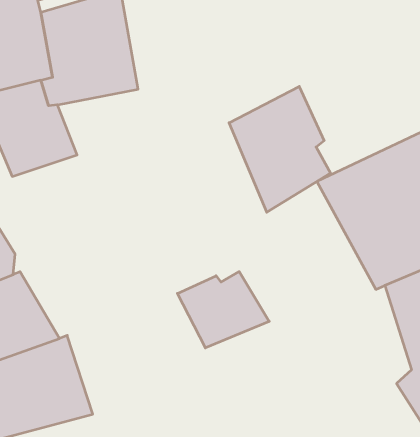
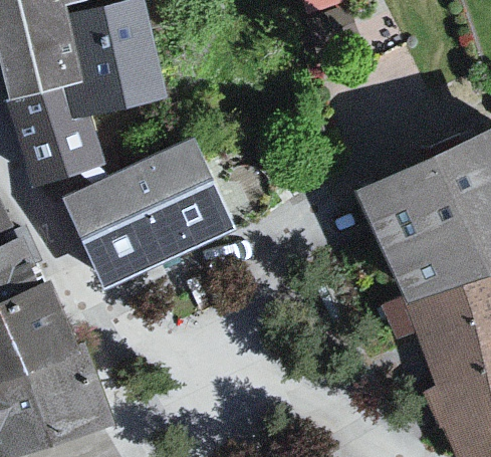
building: [229,86,330,212] -> none
building: none -> [64,138,229,293]
building: [177,272,269,348] -> none

